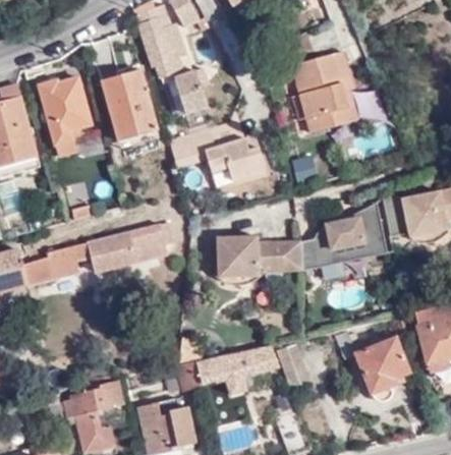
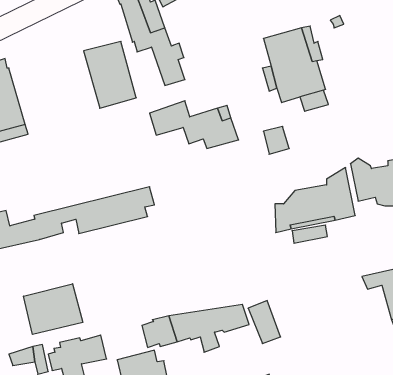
building: [38,72,93,153] -> none
building: [213,236,304,283] -> none
building: none -> [24,284,83,334]
building: [336,333,410,400] -> none

